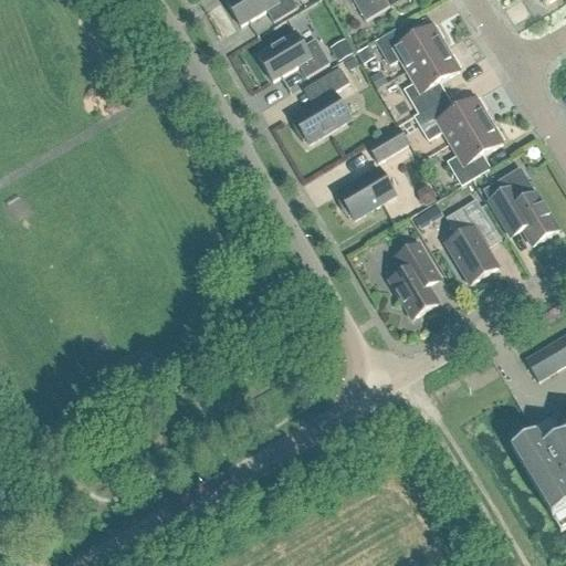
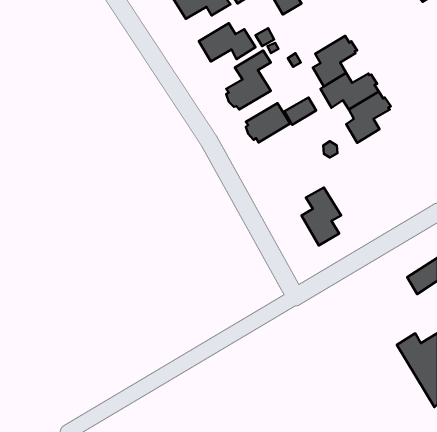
building: [376,22,447,70] -> none
building: [338,167,396,218] -> [246,103,290,142]
building: [485,167,559,244] -> none
building: [447,198,501,282] -> none

